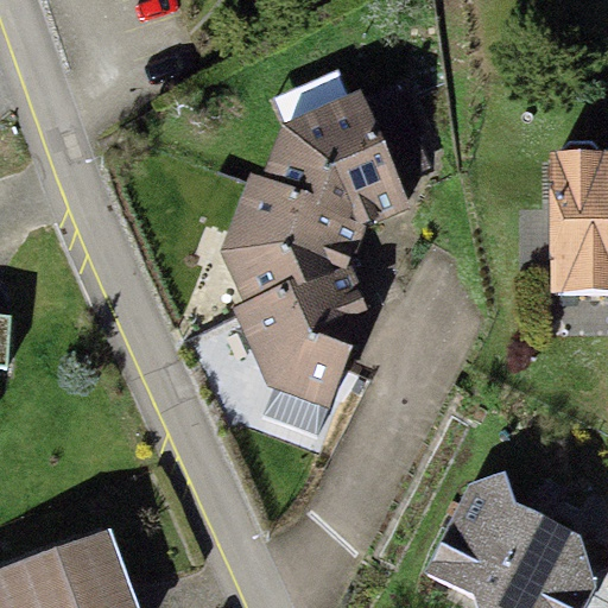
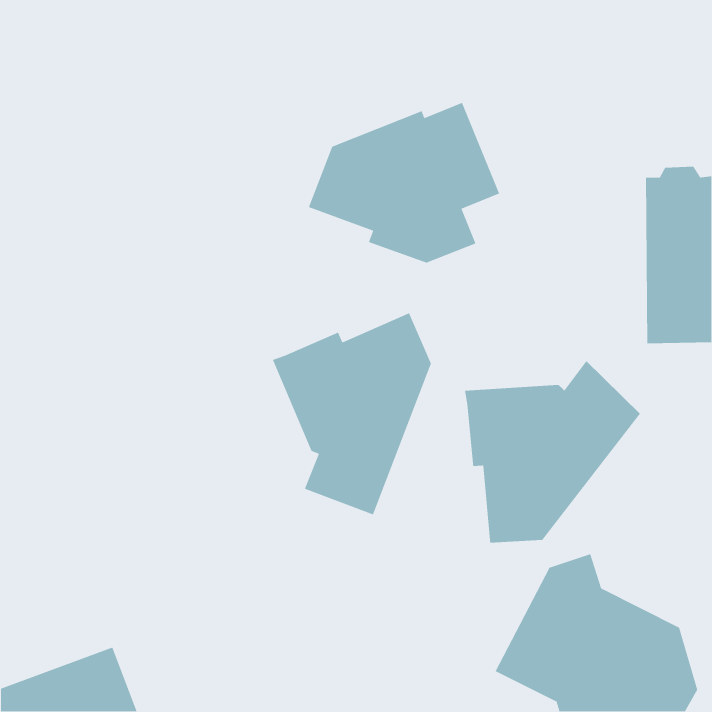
building: [221,173,363,303] -> none
building: none -> [464,360,641,544]

